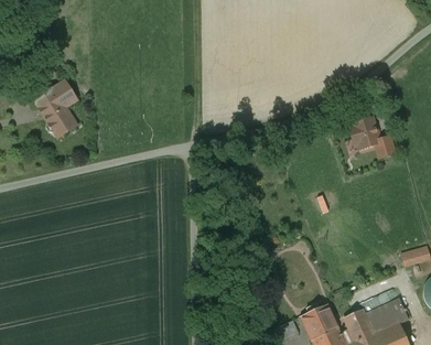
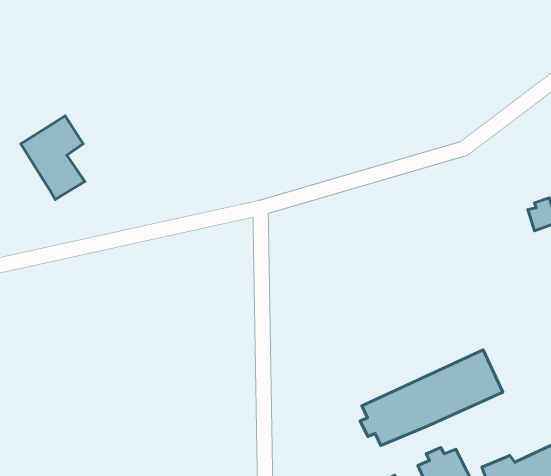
building: [348,117,380,148] -> none
building: none -> [360,350,503,446]

